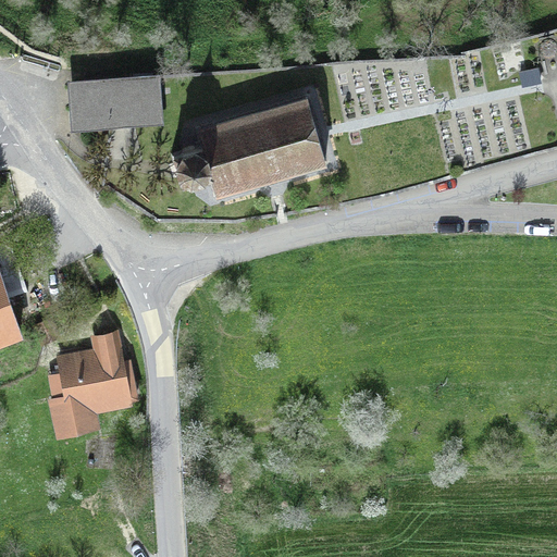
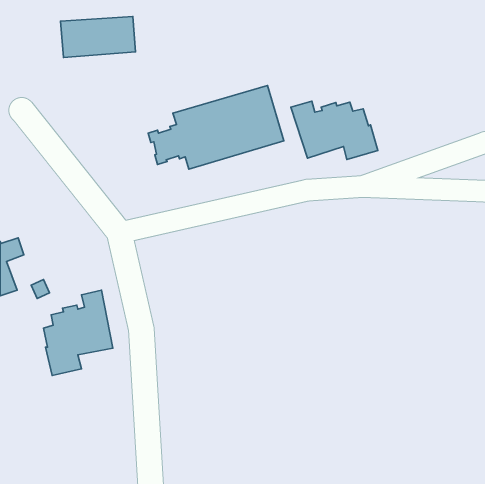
building: [75,77,161,124] -> [61,17,136,57]
building: none -> [291,101,378,159]

